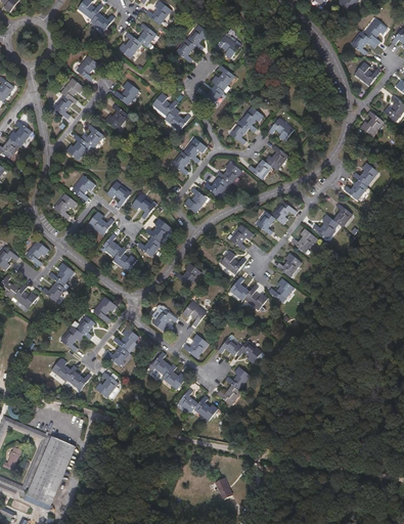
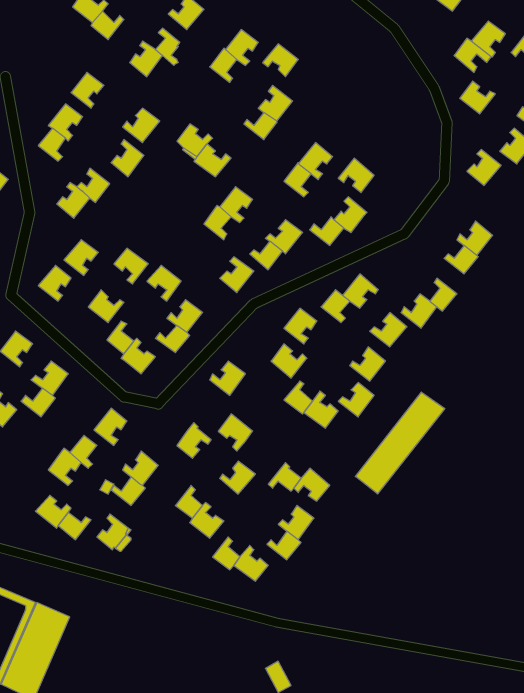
building: none -> [355,392,445,494]

